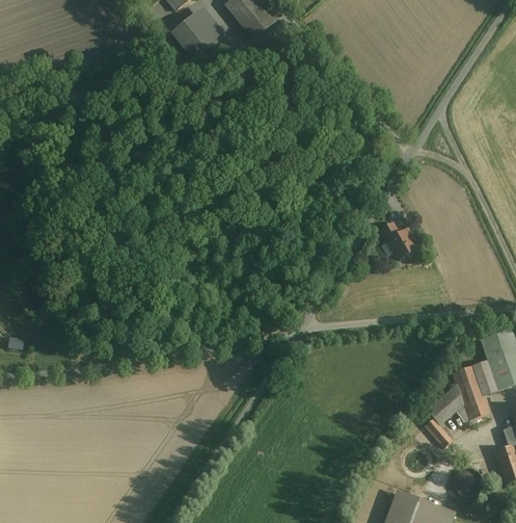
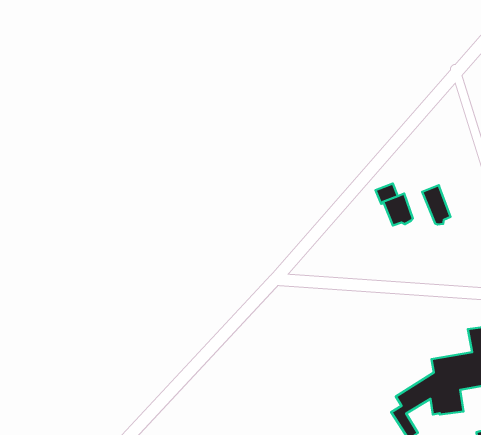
building: none -> [422,185,450,224]

